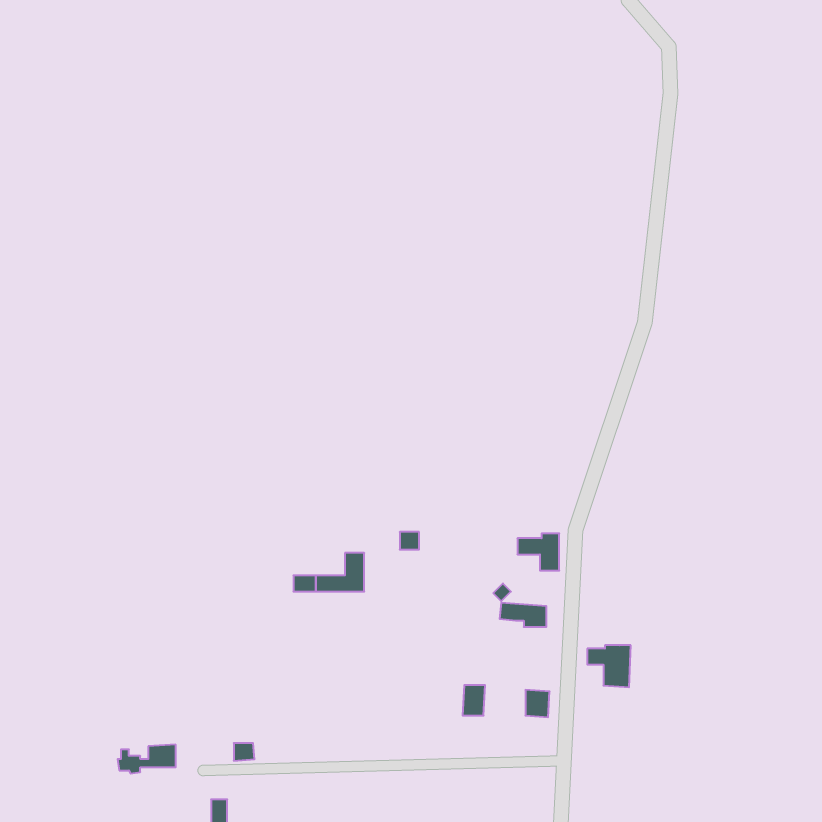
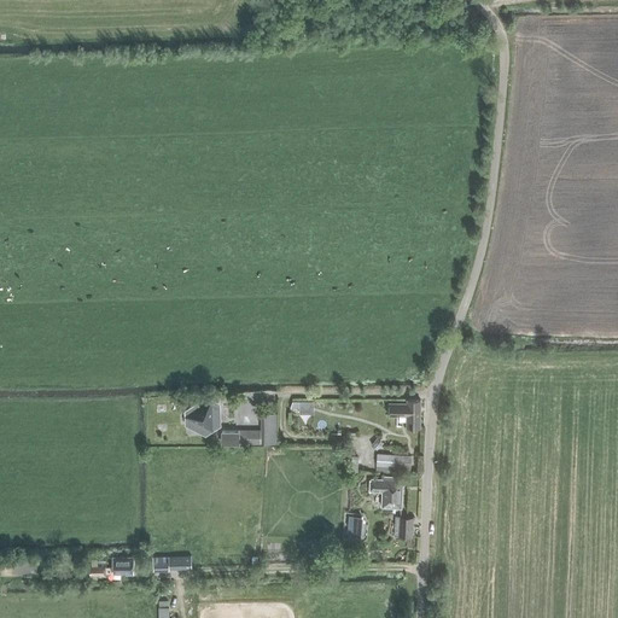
building: none -> [187,401,217,433]
building: [587,645,631,687] -> [368,478,401,509]

